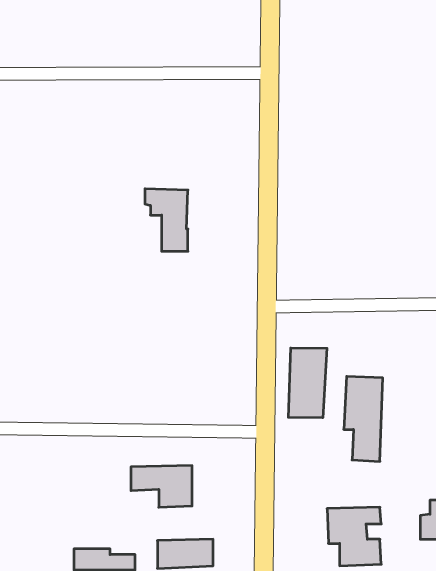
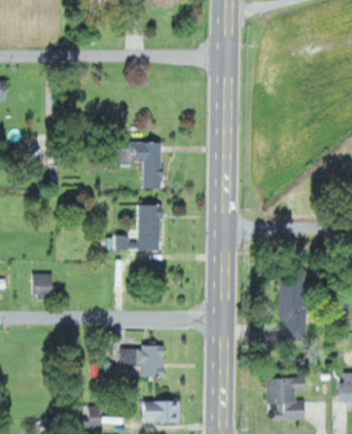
building: none -> [107,205,162,250]
building: [288,348,327,418] -> none
building: none -> [31,274,54,297]

